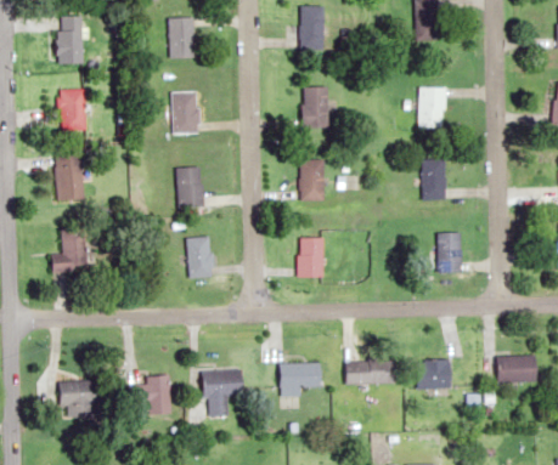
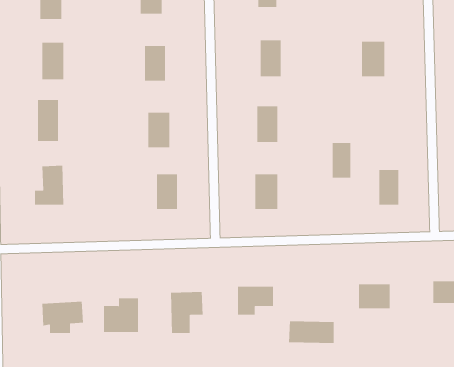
building: [422,159,444,199] -> [332,143,351,178]
building: [344,359,396,385] -> [288,321,335,343]

